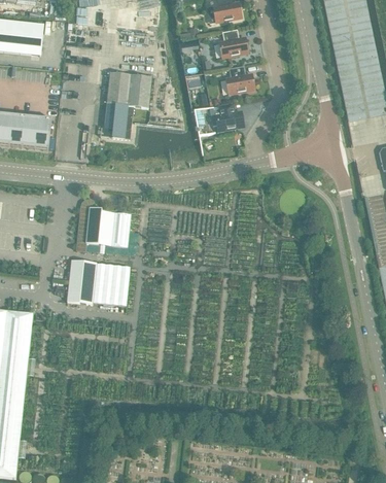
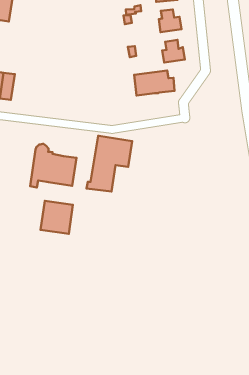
building: [99,73,150,139] -> [87,136,132,192]
building: [66,260,96,304] -> none

